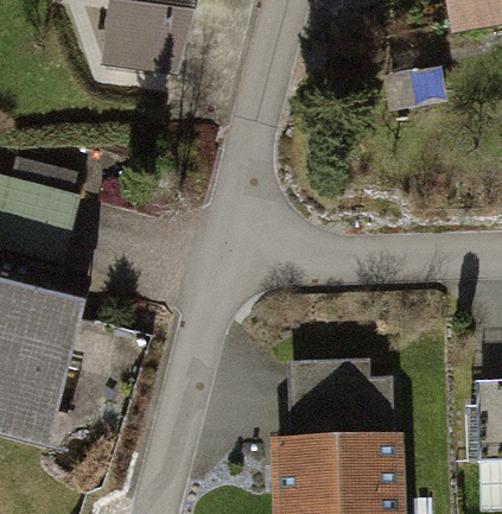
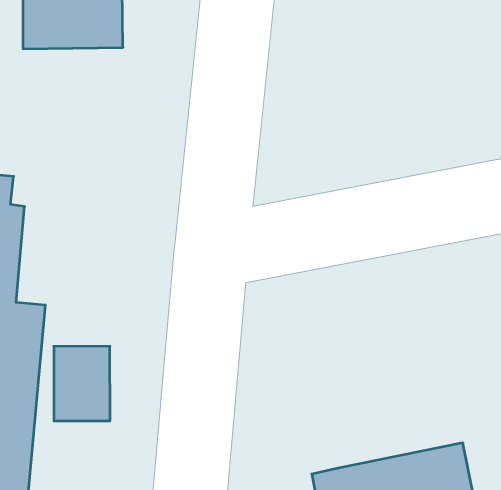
building: [293,367,396,448] -> none

